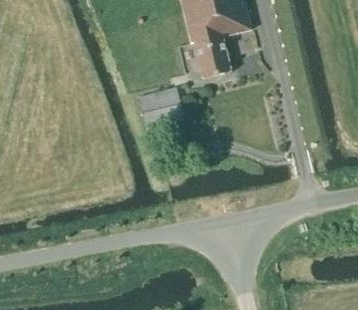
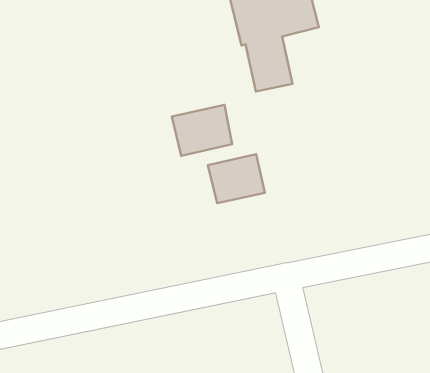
building: none -> [208,154,265,203]

